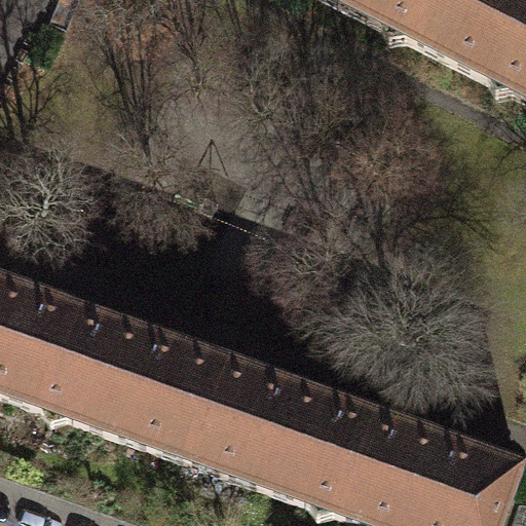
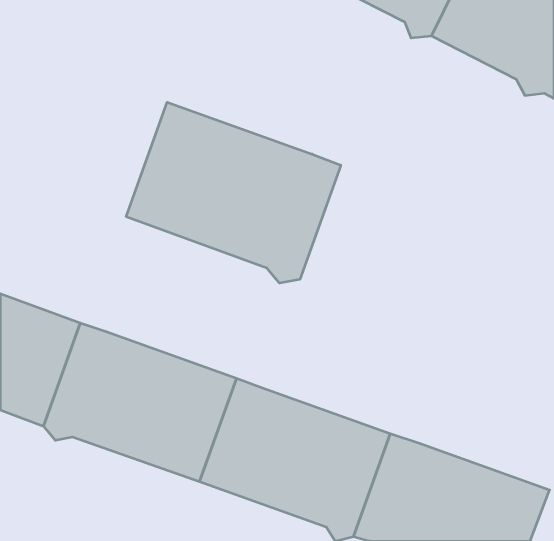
building: none -> [126,102,341,283]

